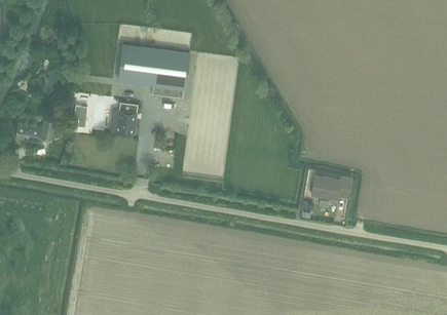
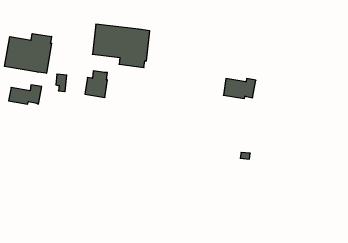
building: none -> [5,34,52,73]
building: [311,175,351,200] -> [223,79,256,98]

